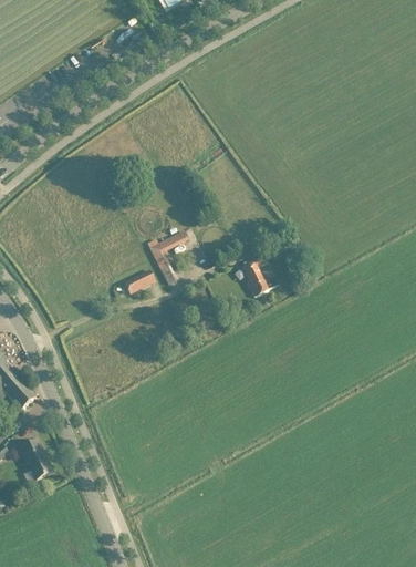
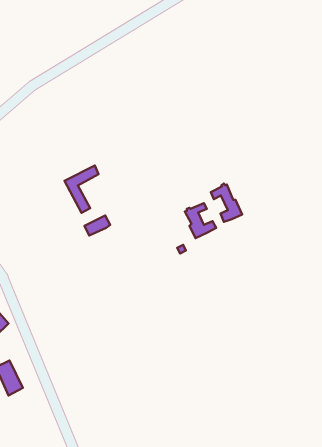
building: [147,230,187,286] -> [64,166,99,213]
building: none -> [211,184,242,222]

